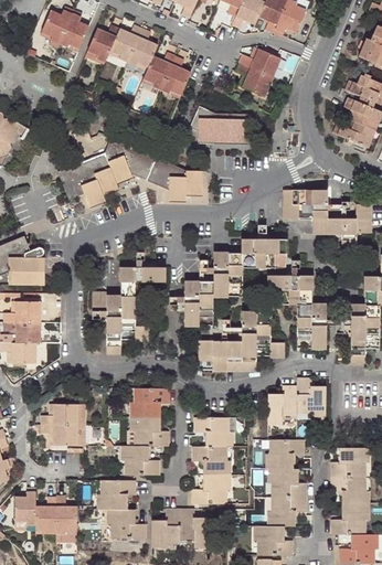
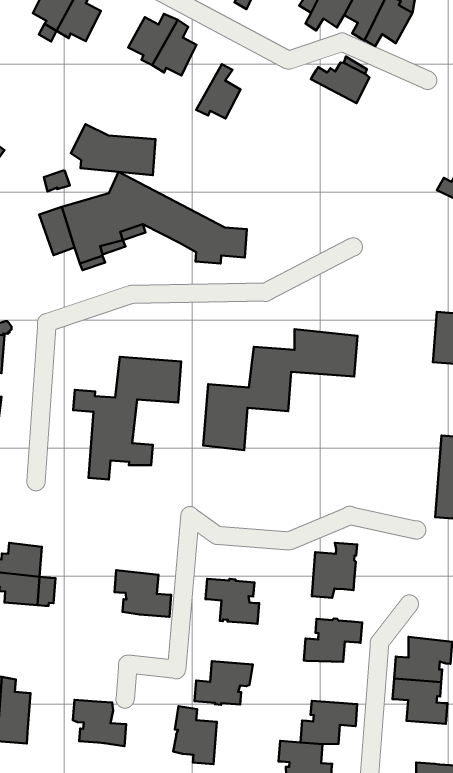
building: [88,25,120,62] -> none
building: [144,53,177,90] -> none
building: [236,63,273,96] -> none
building: [190,107,248,139] -> [71,124,156,175]
building: [284,190,327,233] -> none
building: [268,275,326,348] -> none
building: [198,311,285,370] -> none
building: [296,377,326,415] -> none
building: [130,387,170,417] -> none
building: [121,445,159,475] -> none
building: [192,445,231,475] -> none
building: [268,468,306,497] -> none
building: [98,479,136,509] -> none
building: [330,505,369,535] -> none
building: [151,508,182,546] -> none

